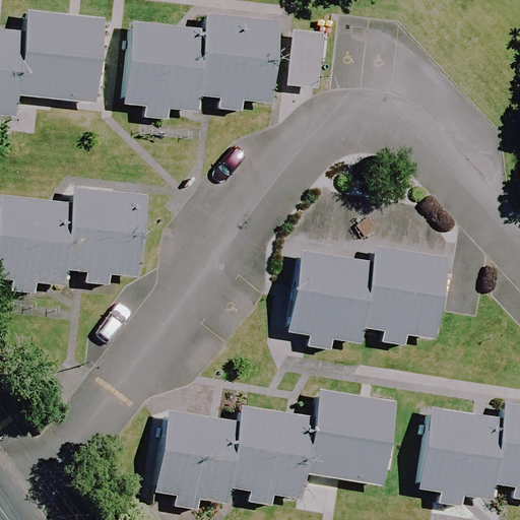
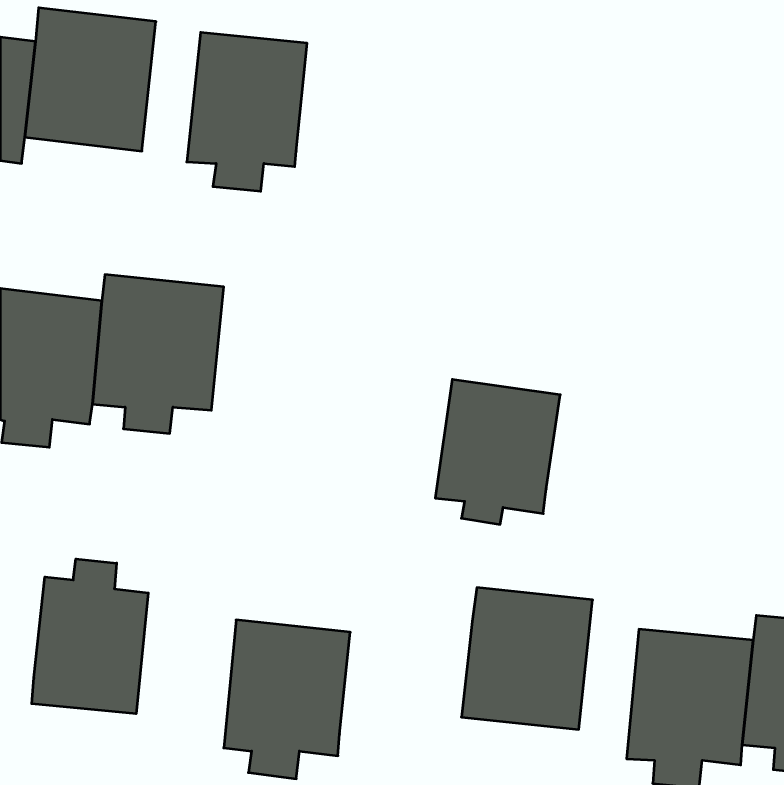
building: [198,11,284,117] -> none
building: [363,244,448,344] -> none
building: none -> [32,559,148,714]
building: [226,402,314,506] -> none

